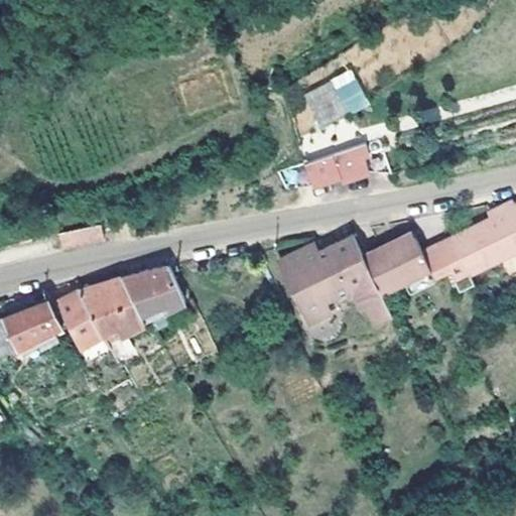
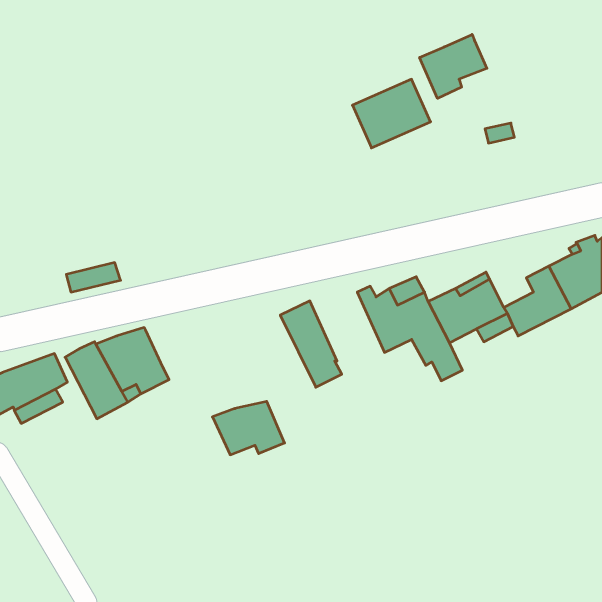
building: none -> [420,34,487,98]
building: [299,140,370,192] -> none
building: [279,249,332,322] -> [280,301,342,387]
building: [124,268,185,313] -> [212,401,285,455]

